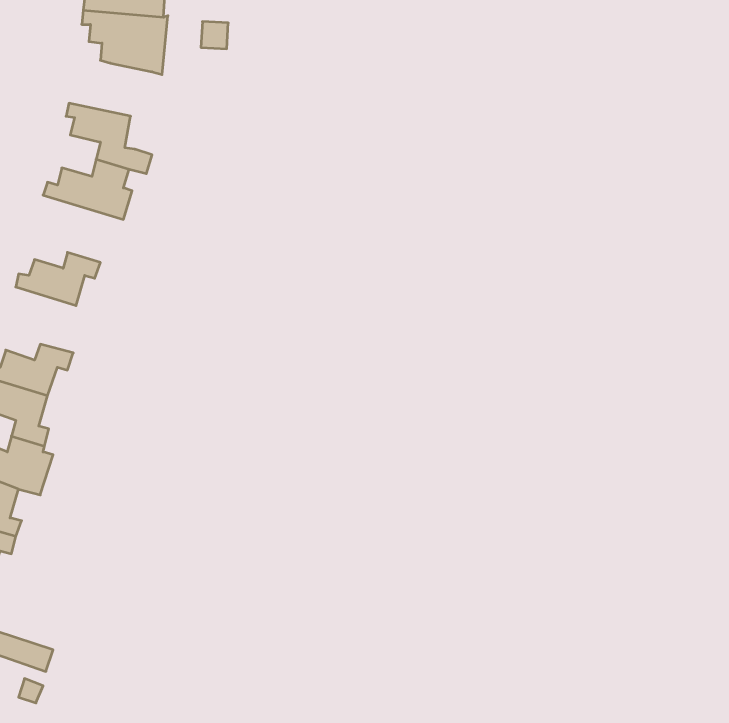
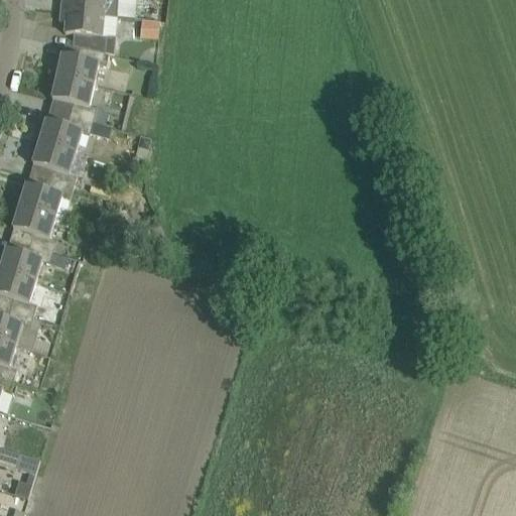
building: none -> [48,44,109,85]
building: none -> [28,137,95,189]
building: none -> [8,202,54,248]

